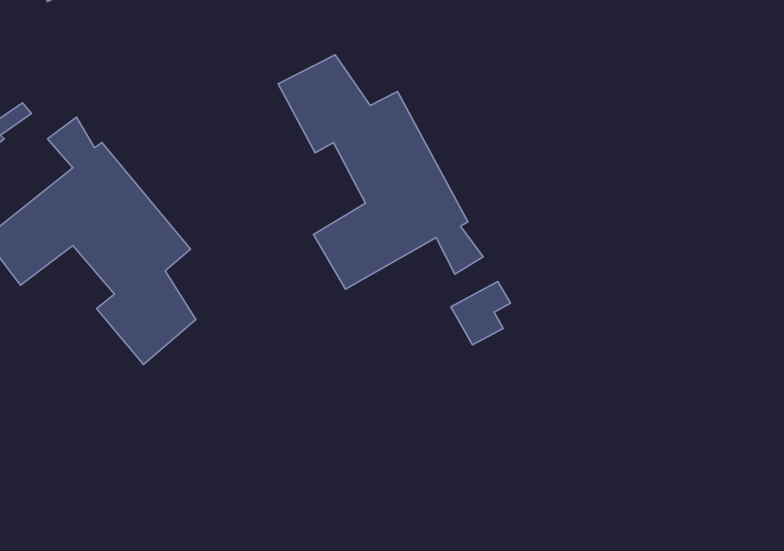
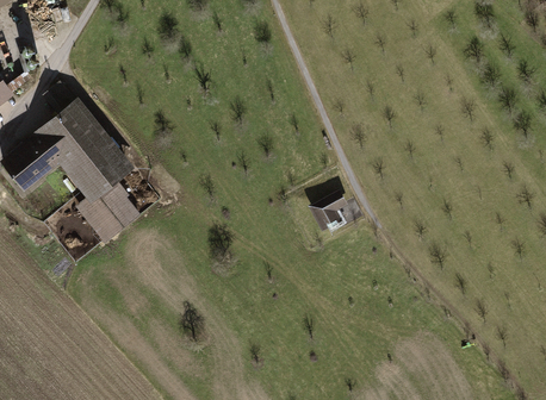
building: [278,55,483,289] -> none

